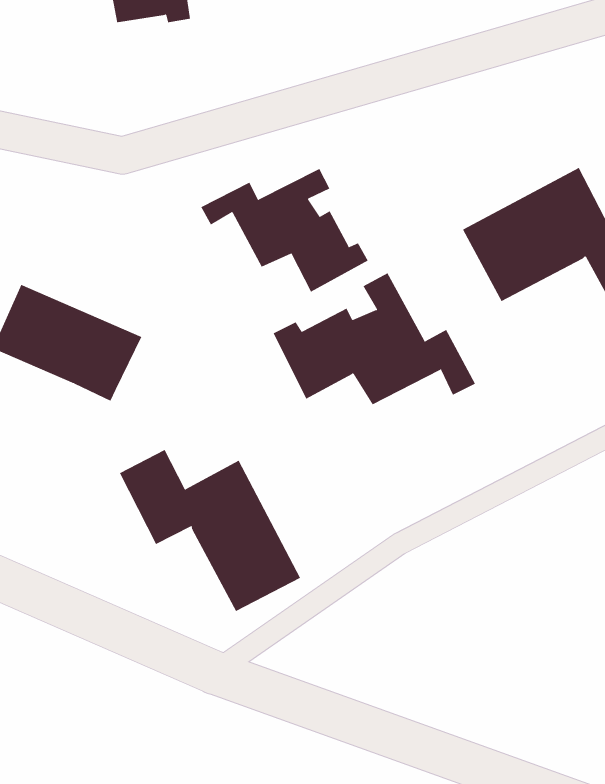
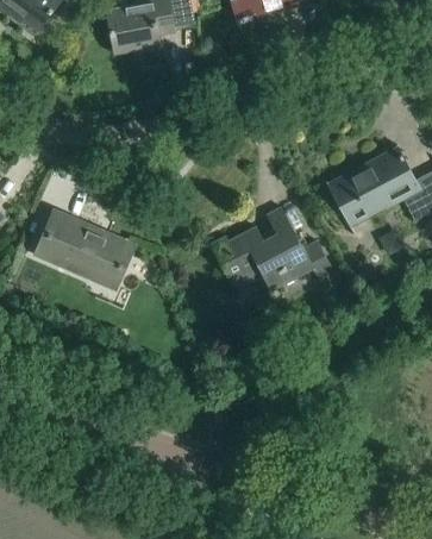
building: [201,168,368,292] -> none
building: [119,449,301,612] -> none

